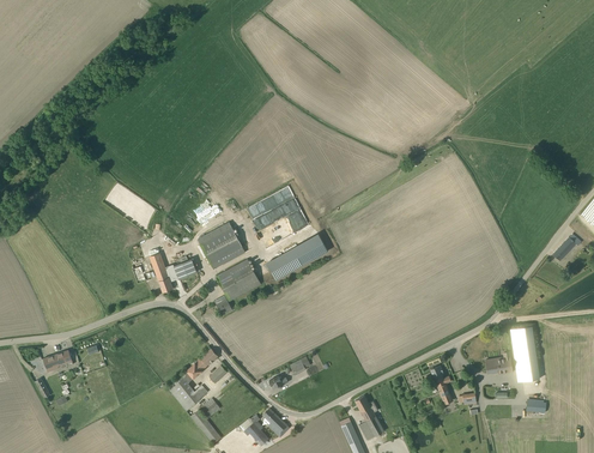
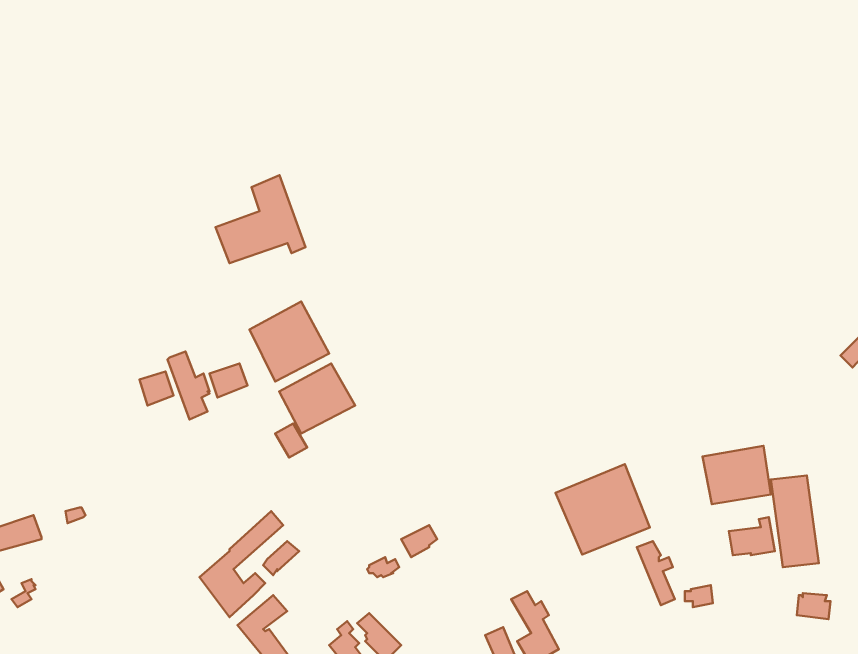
building: [254,185,308,237] -> [215,175,305,263]
building: [266,232,328,279] -> none
building: none -> [703,446,771,504]
building: none -> [556,464,650,554]

